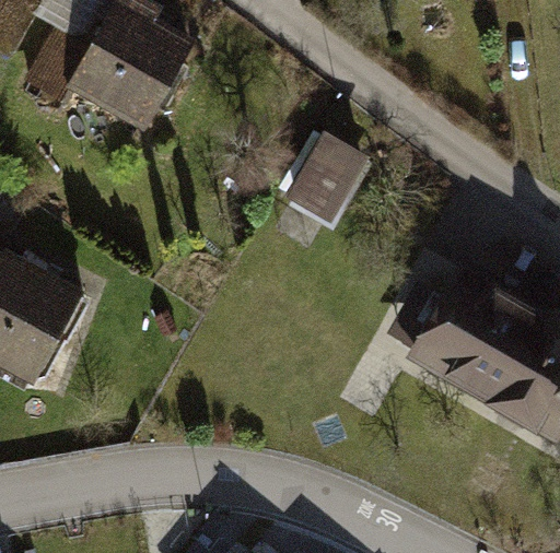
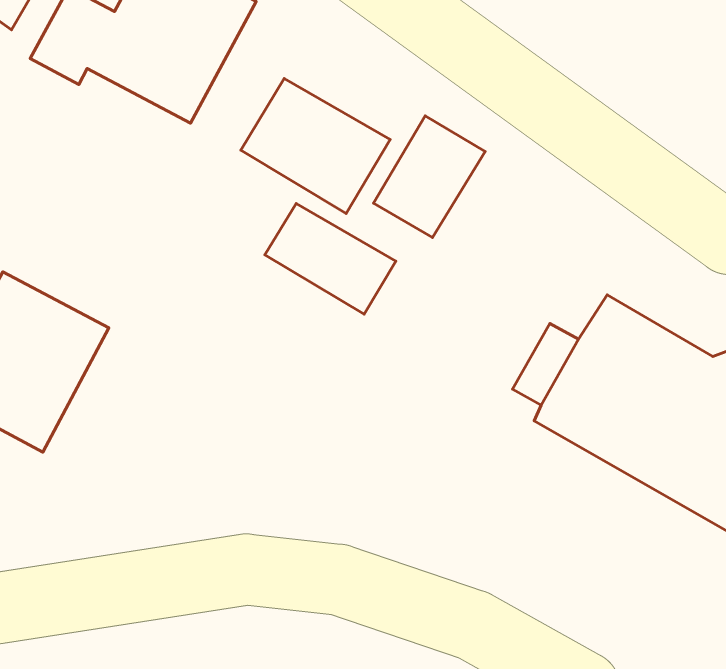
building: none -> [241,79,390,213]
building: none -> [265,203,396,314]

